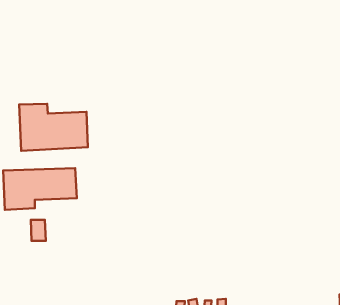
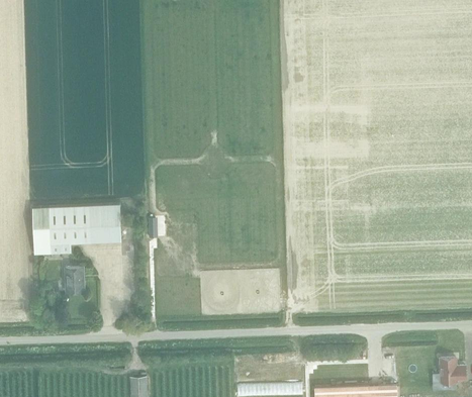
building: [19,104,88,151] -> none

